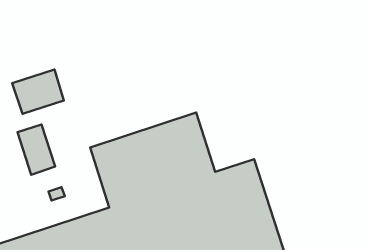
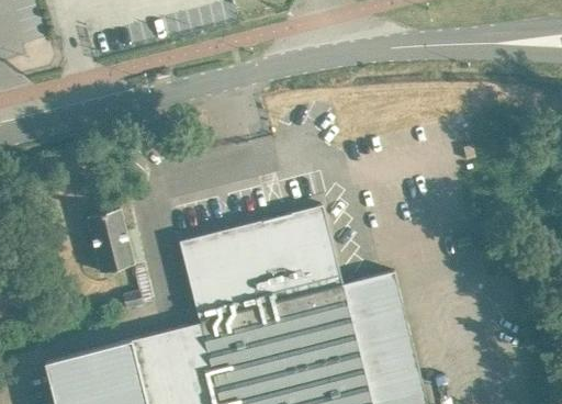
building: [12,69,64,114] -> none

